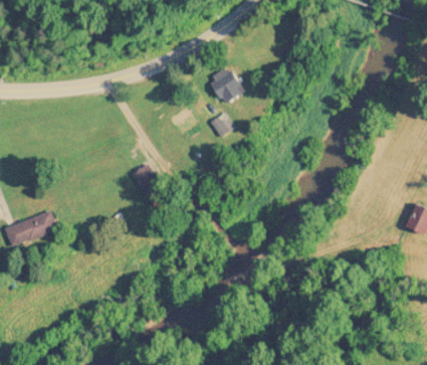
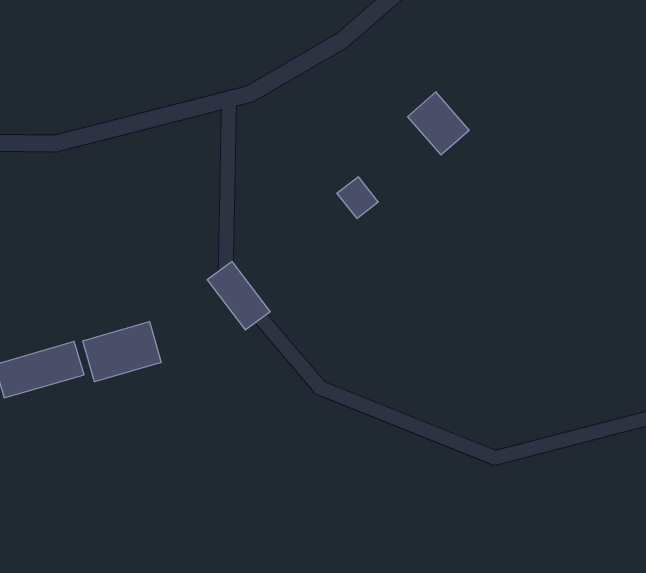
building: [209,66,246,105] -> [408,92,469,155]
building: none -> [83,321,161,382]

